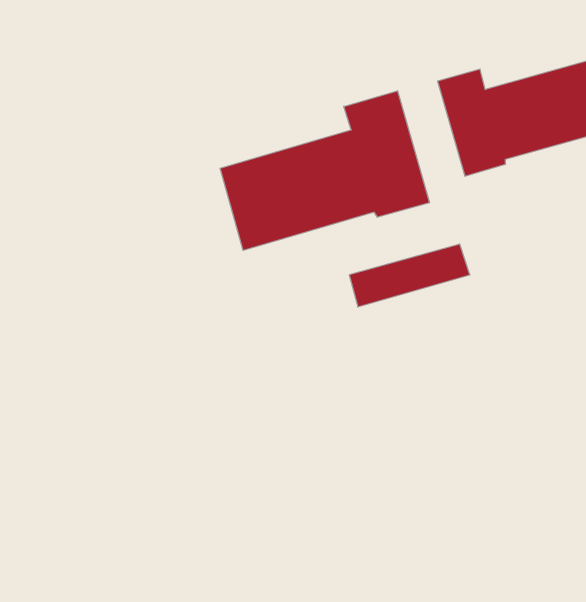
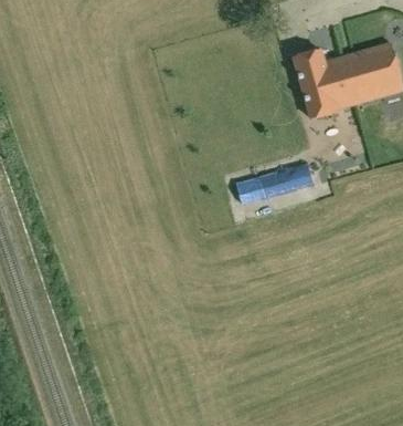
building: [220,91,429,250] -> none

